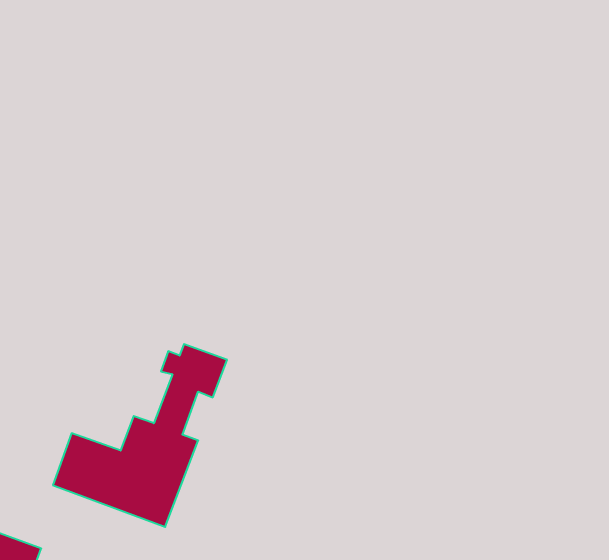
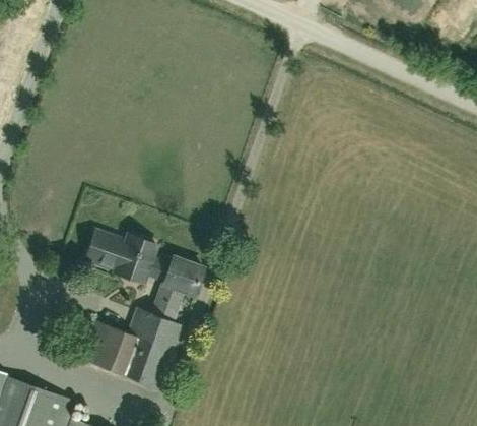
building: none -> [84,230,161,282]

